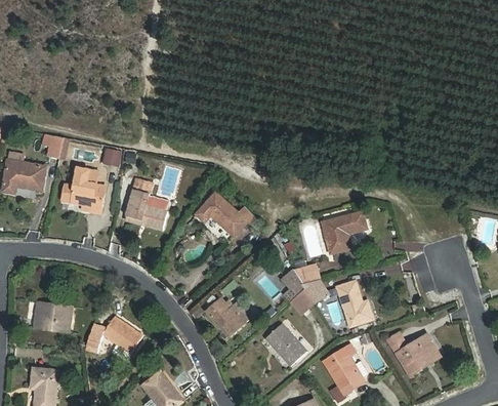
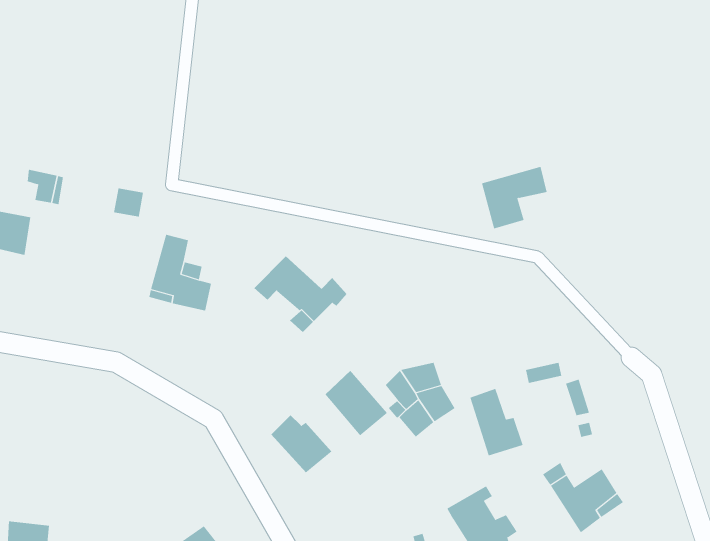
building: [61,165,103,211] -> none
building: [322,211,366,253] -> [481,166,548,229]
building: [32,299,73,334] -> none
building: [85,317,143,354] -> none
building: [264,322,306,366] -> [324,370,388,436]

